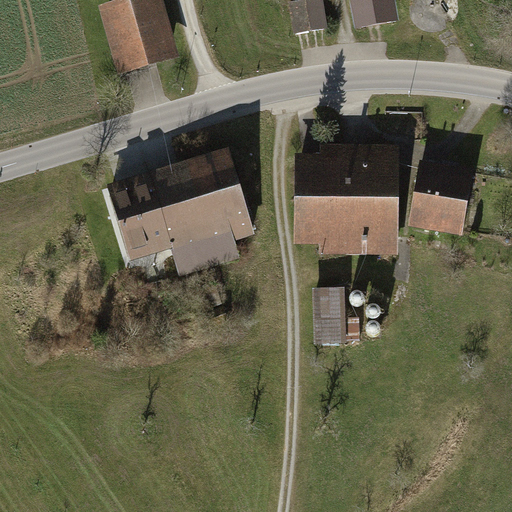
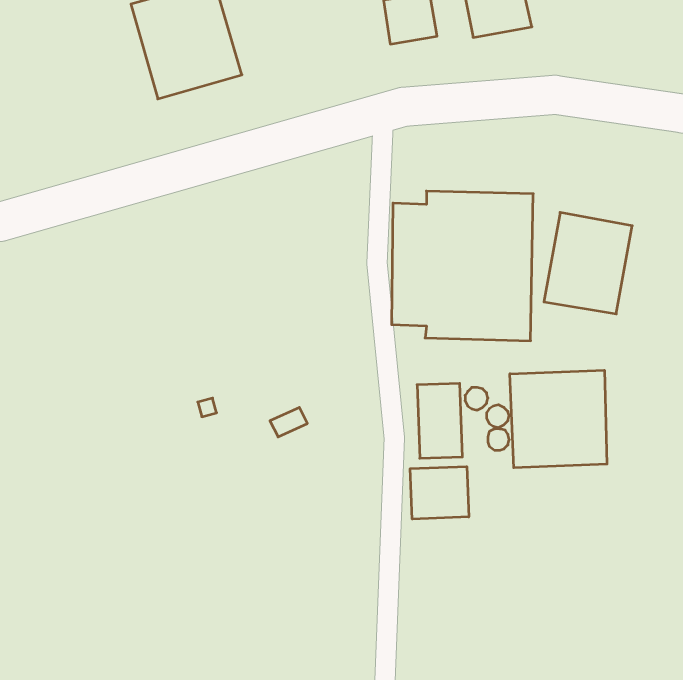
building: [107,146,257,275] -> none
building: none -> [510,370,607,468]
building: none -> [410,467,469,519]

